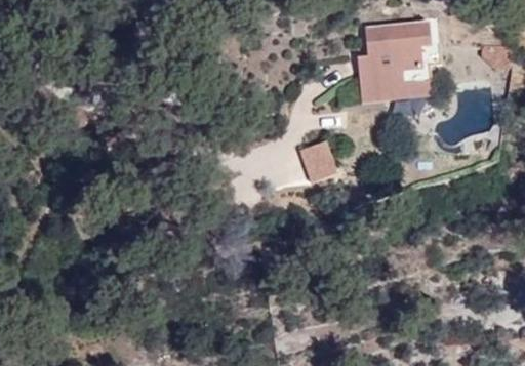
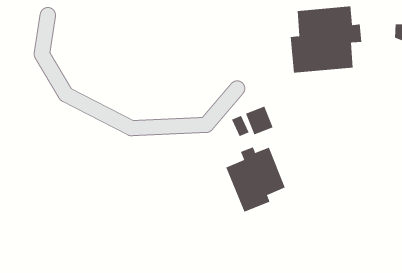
building: none -> [226,146,285,212]

